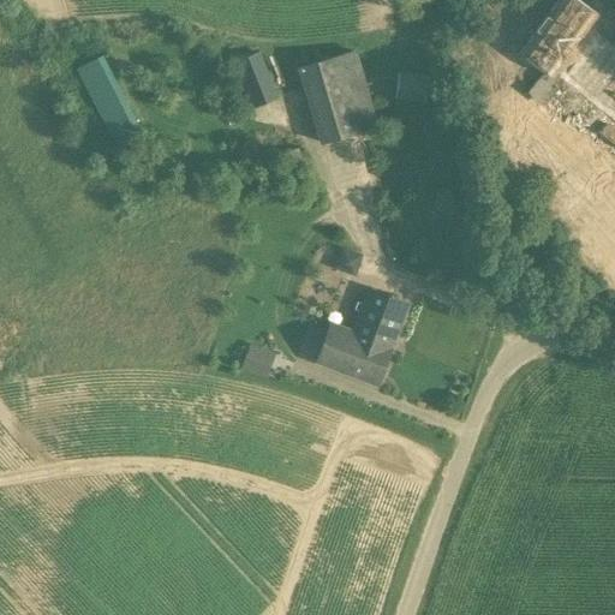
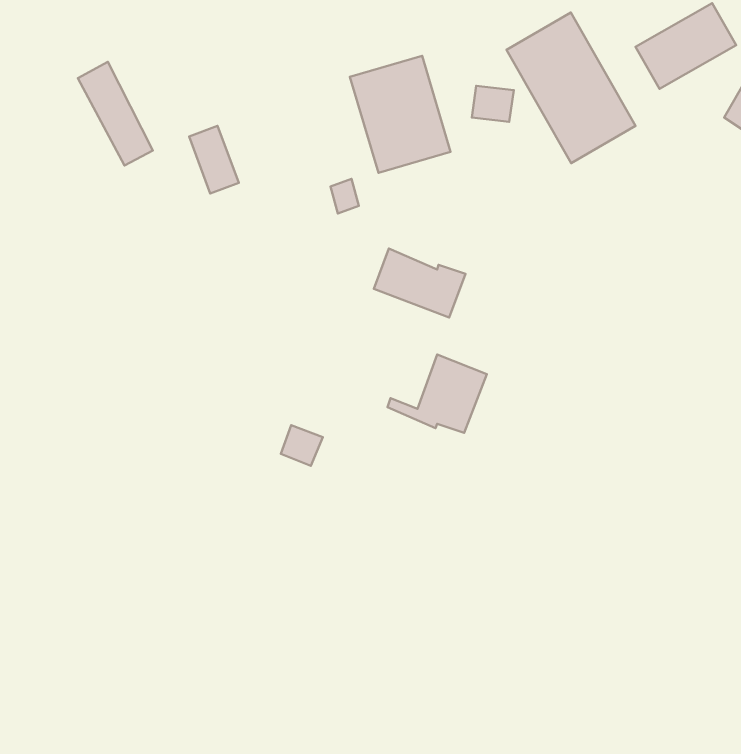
building: none -> [507,13,635,163]
building: [235,52,275,106] -> [189,126,239,193]
building: [314,329,387,384] -> [374,248,466,318]

